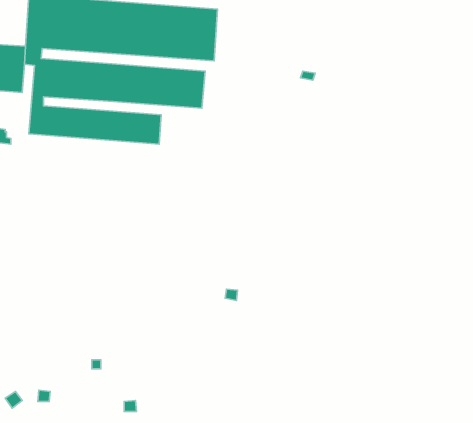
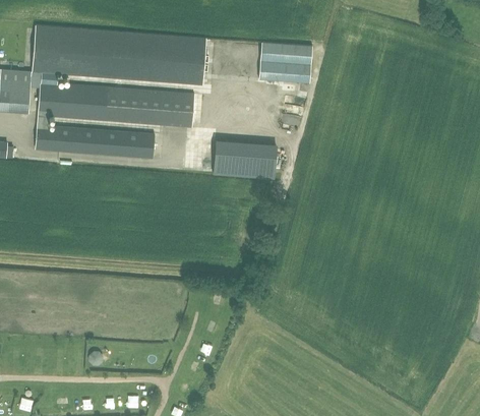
building: none -> [258,42,311,82]
building: none -> [214,140,277,178]

